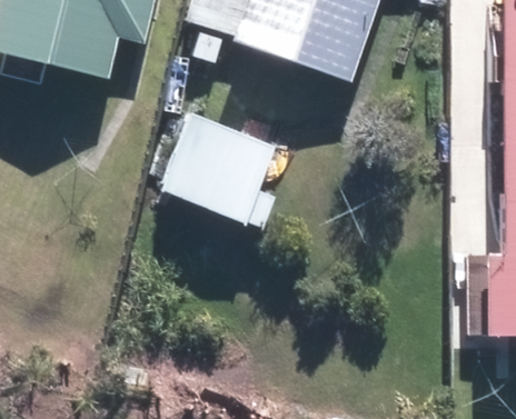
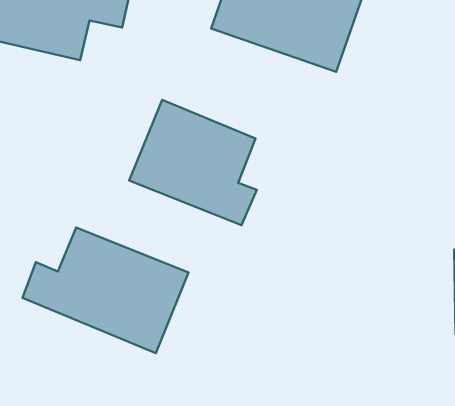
building: none -> [22,227,189,353]

